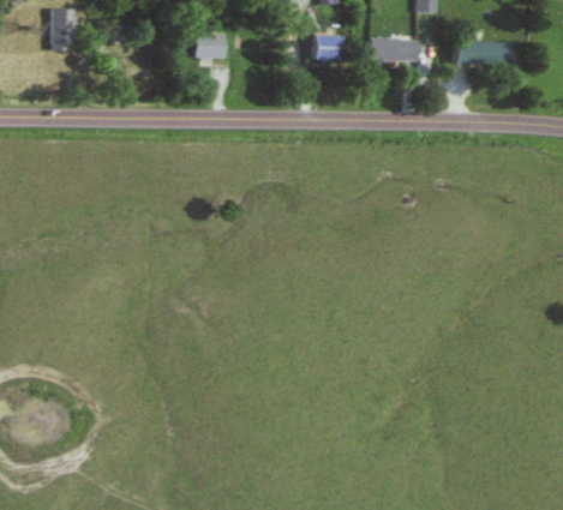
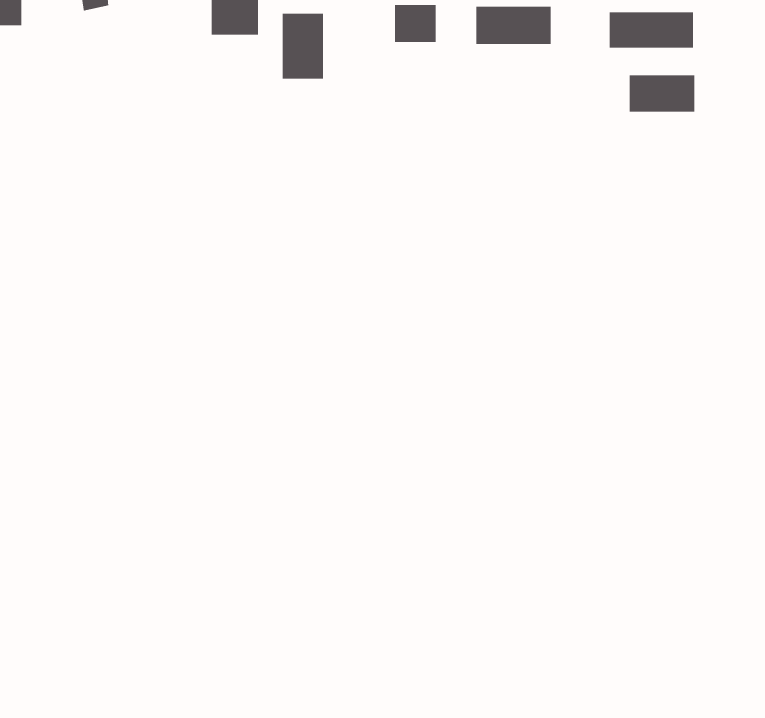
building: none -> [282,13,324,79]
building: none -> [629,74,695,112]

